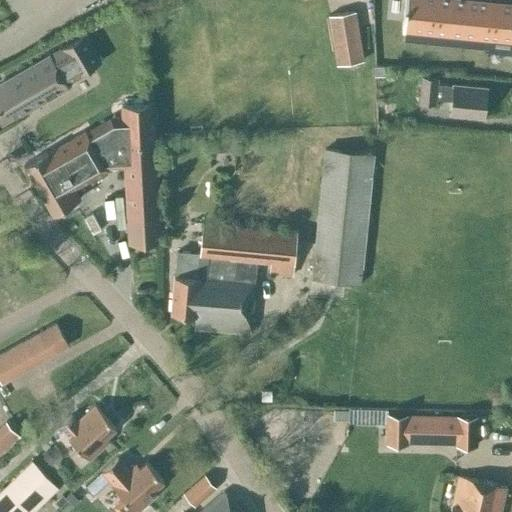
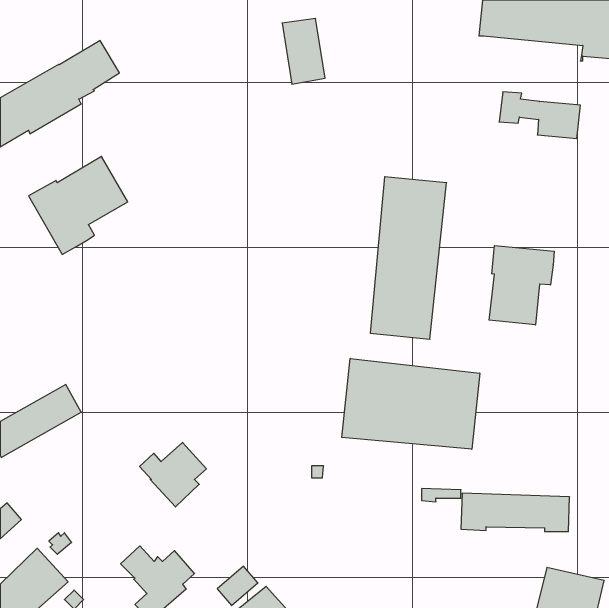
building: [328,13,364,68] -> [282,18,325,84]
building: [86,106,159,245] -> none
building: none -> [489,246,554,325]
building: [171,224,297,335] -> none
building: none -> [342,358,480,449]
building: [60,407,116,461] -> [140,442,206,507]

